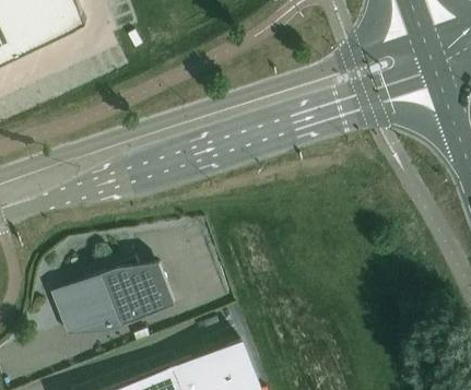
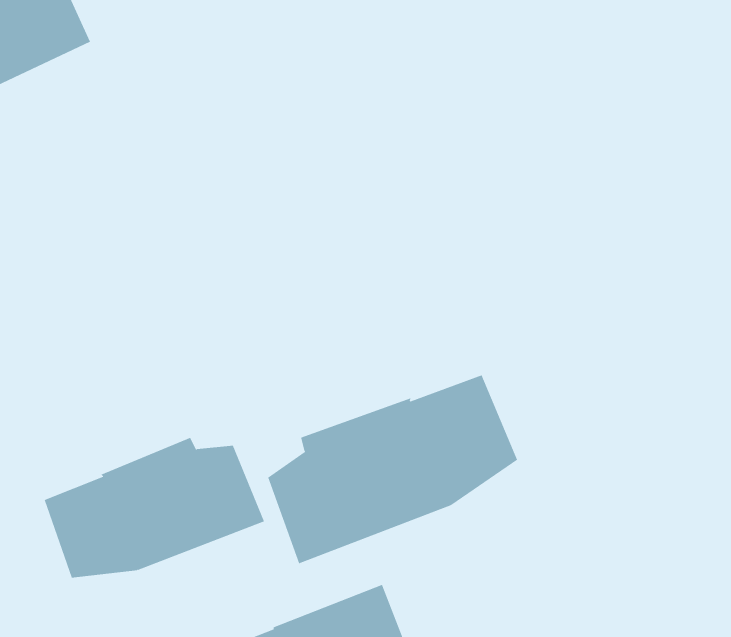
building: none -> [268,374,518,564]

